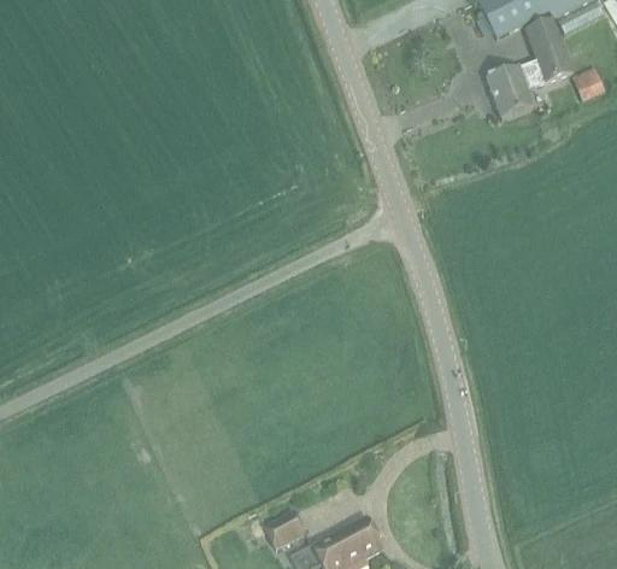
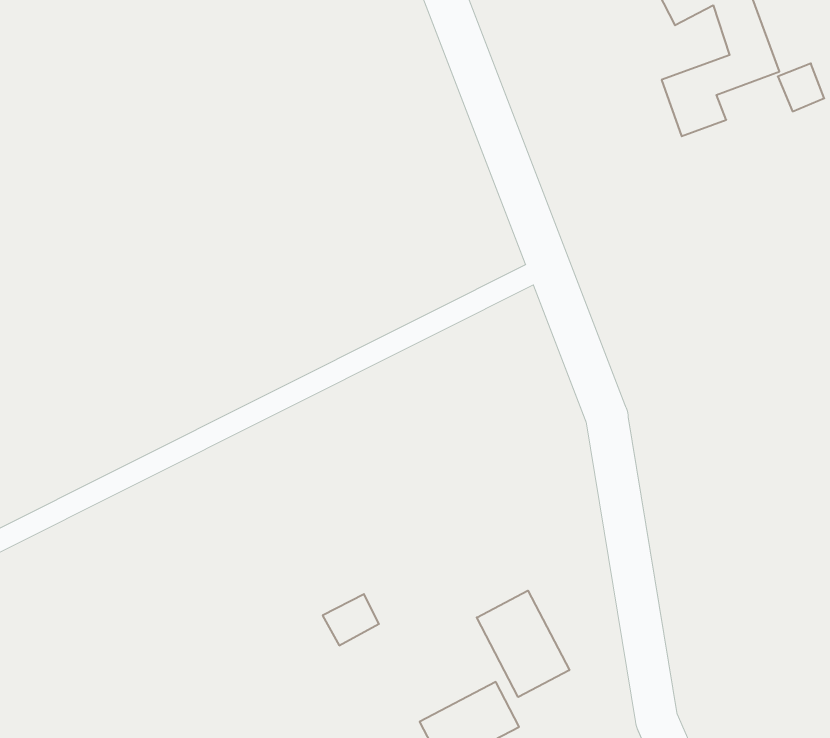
building: none -> [477,591,569,697]
building: [264,510,305,547] -> [323,594,379,645]

